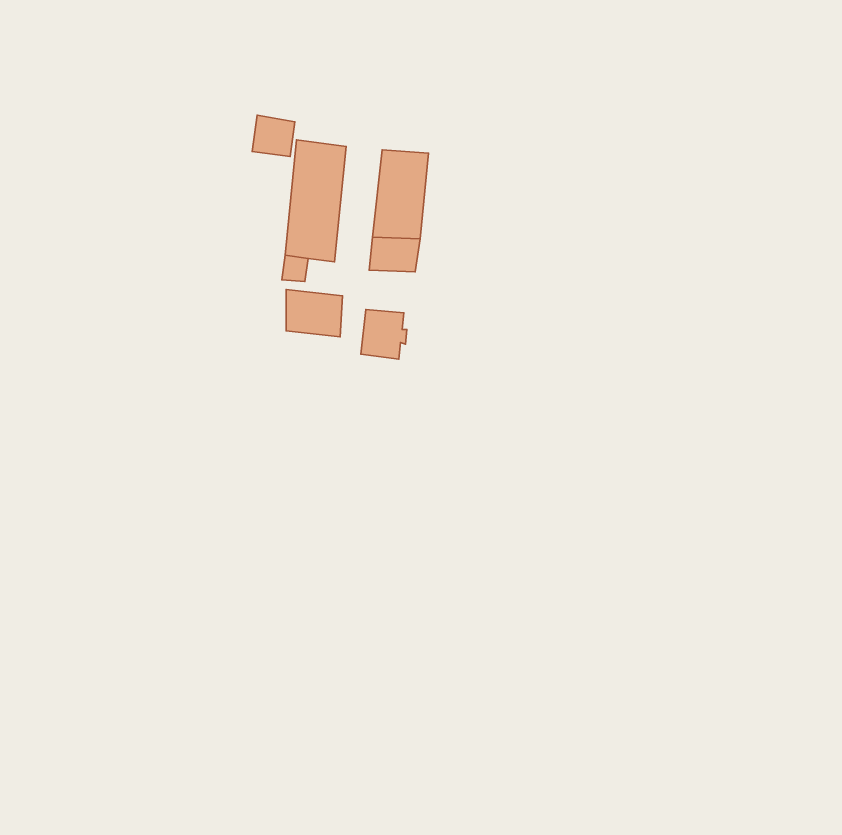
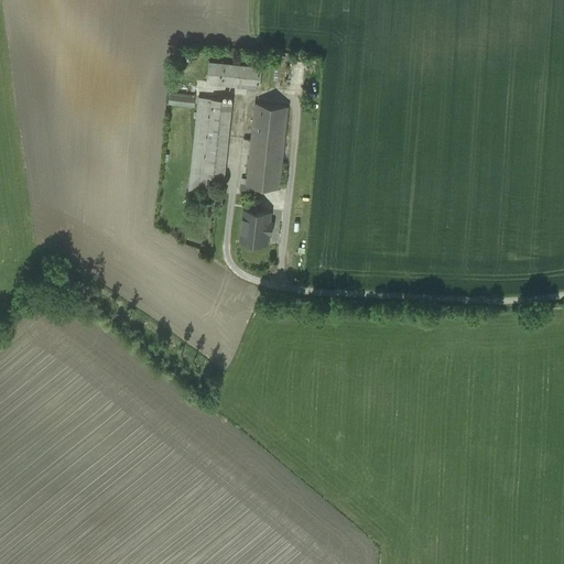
building: none -> [207,64,261,89]
building: [286,290,342,337] -> none

